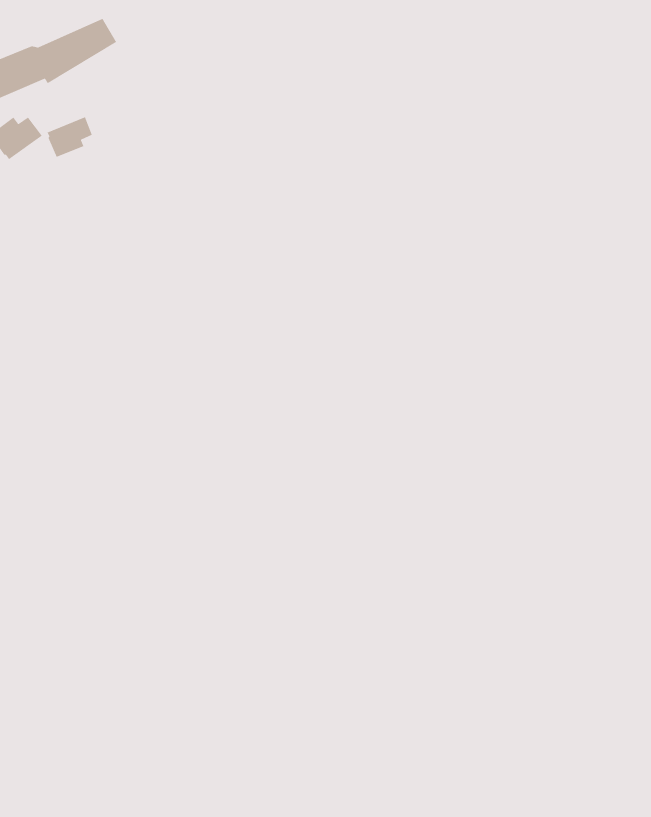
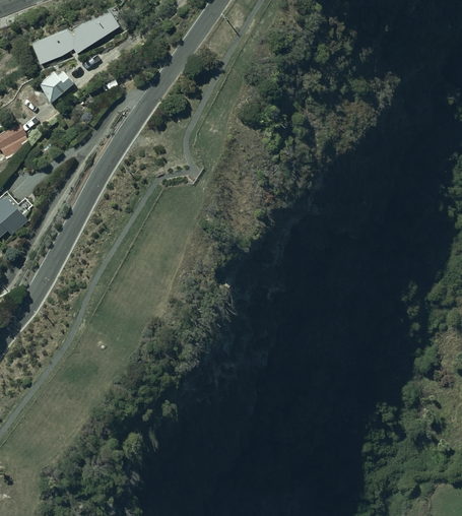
building: [46,116,93,158] -> none

